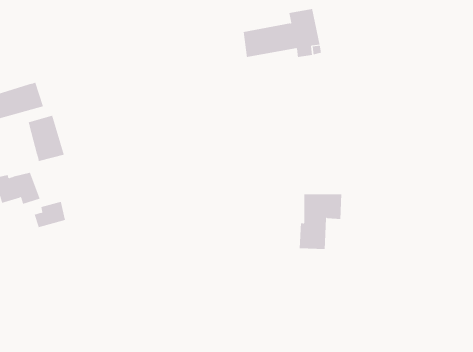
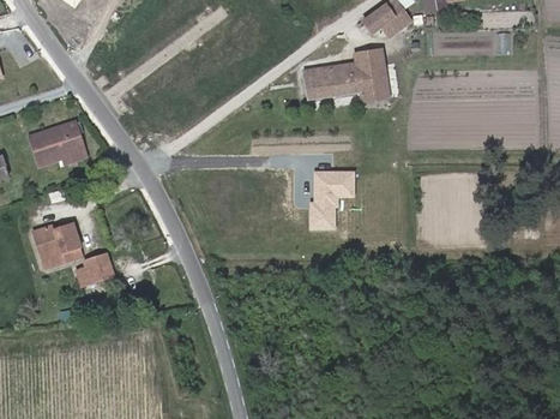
building: [28,115,64,162] -> none
building: [299,194,342,250] -> [309,169,356,229]

